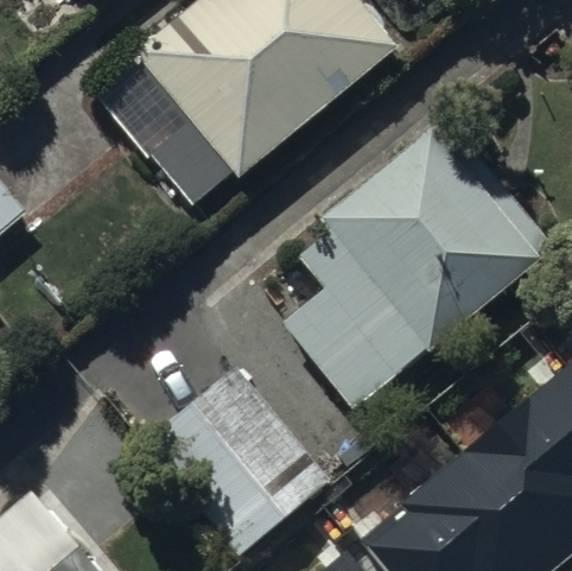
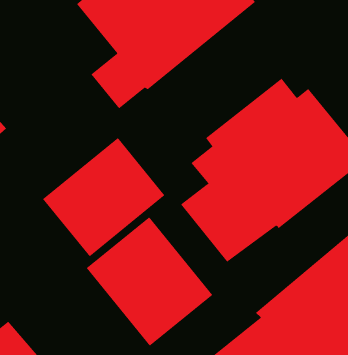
building: none -> [42,137,165,257]

